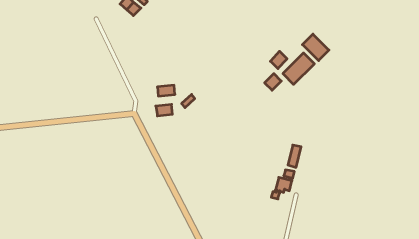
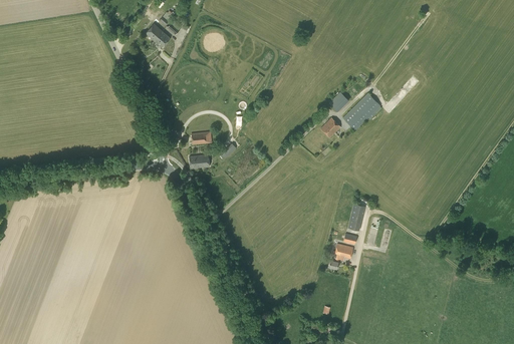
building: [302,34,329,61] -> none

